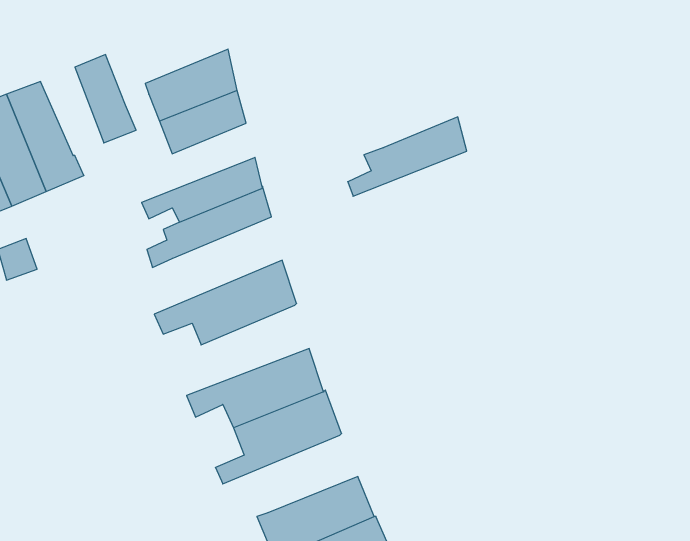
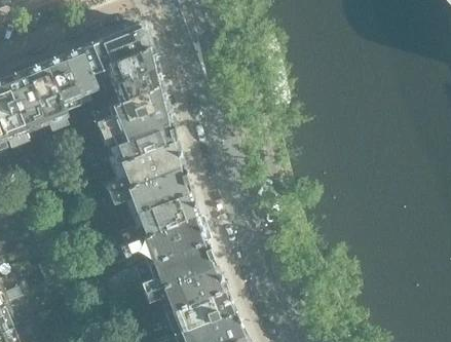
building: none -> [80,27,150,78]
building: none -> [43,56,79,107]
building: [348,117,467,196] -> [98,88,165,134]
building: none -> [105,142,181,197]
building: none -> [124,192,196,243]
building: none -> [147,266,224,310]

